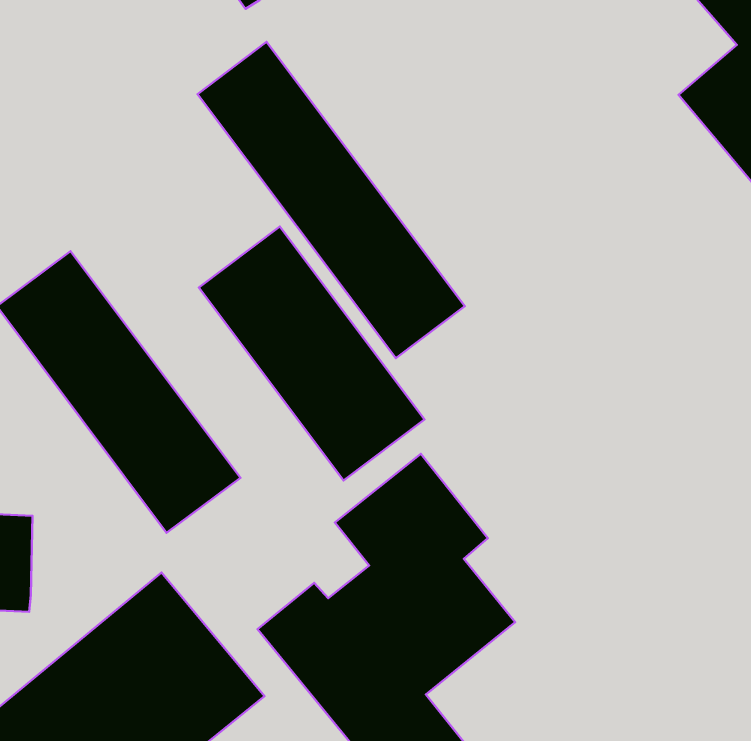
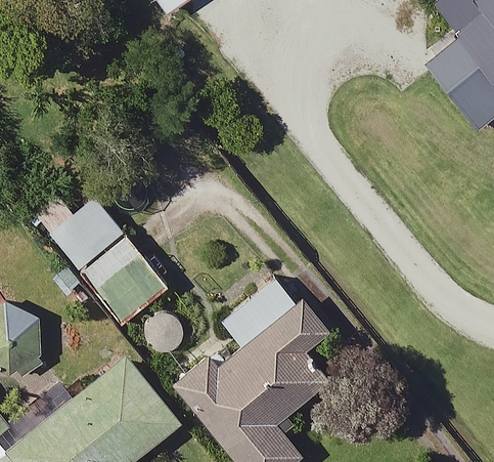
building: [198,42,465,358] -> none
building: [199,226,425,481] -> none

